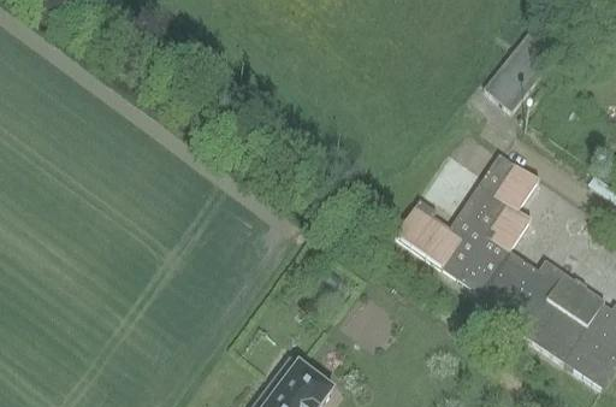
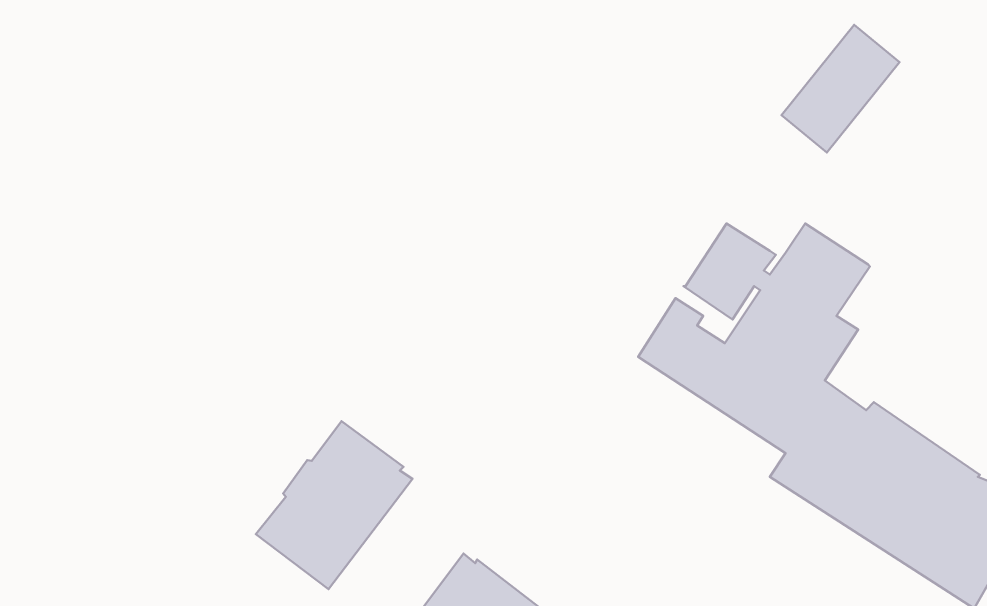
building: none -> [256,421,412,589]

